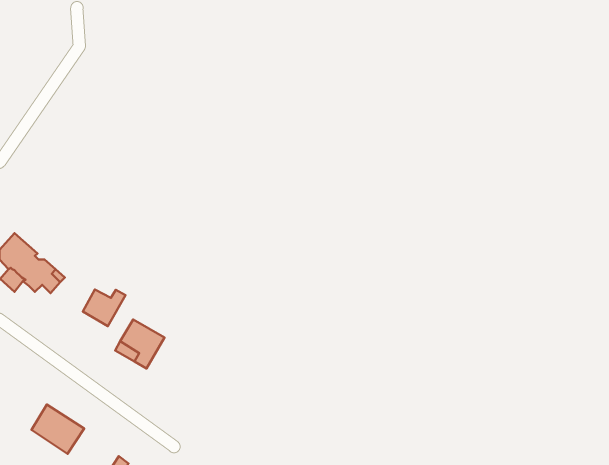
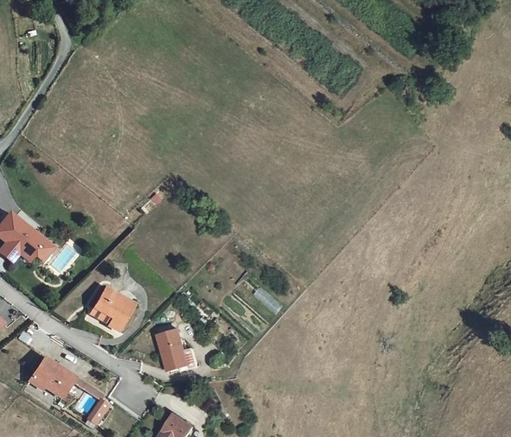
building: [83,290,126,326] -> none
building: none -> [157,328,198,372]

